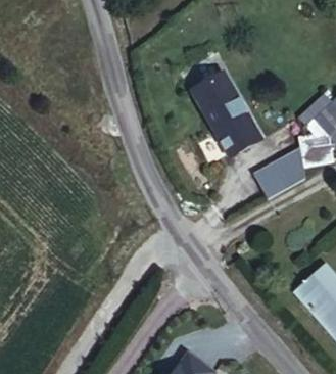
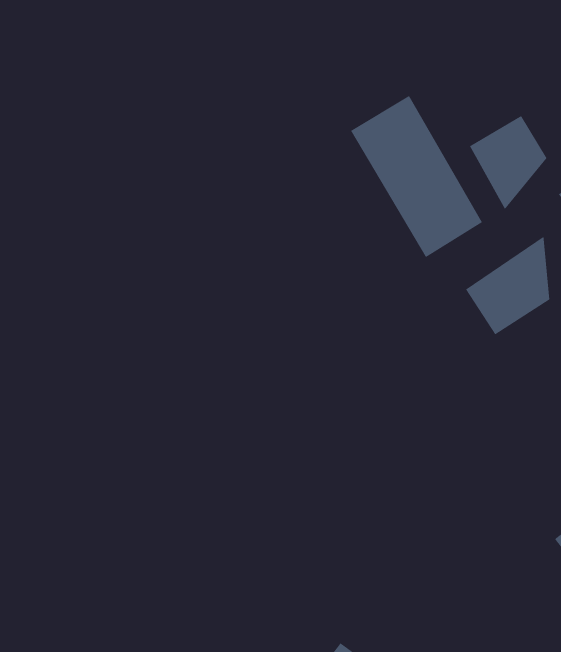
building: none -> [469,115,547,210]

